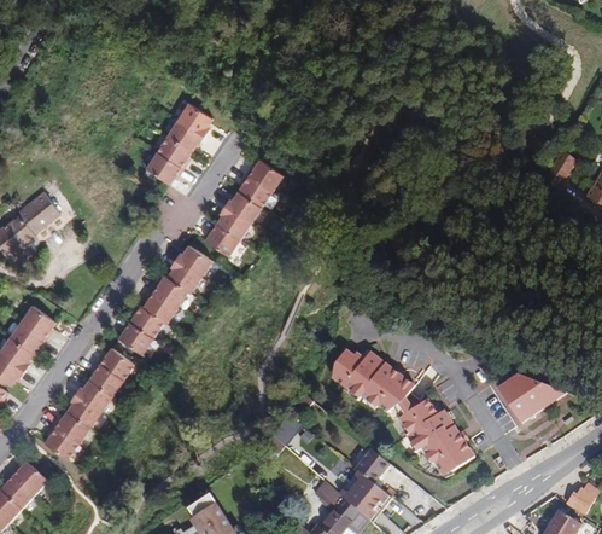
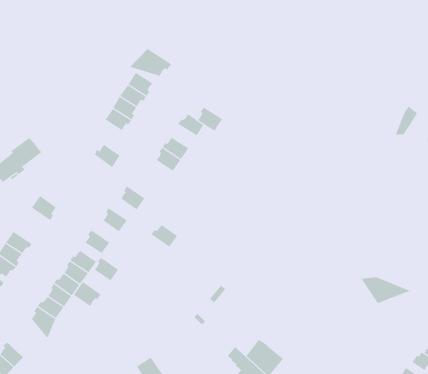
building: none -> [129,48,172,77]
building: [238,174,273,208] -> [197,107,223,132]
building: [205,221,240,255] -> none
building: [176,244,212,277] -> [94,144,120,168]
building: [151,275,188,307] -> [151,225,178,247]
building: [21,304,55,339] -> [31,195,57,221]
building: [130,304,164,337] -> [94,257,119,281]
building: [332,349,474,474] -> none
building: none -> [73,281,101,307]
building: [356,449,388,482] -> none
building: [12,462,48,495] -> none

